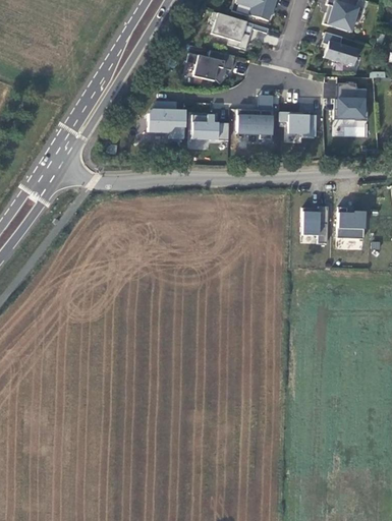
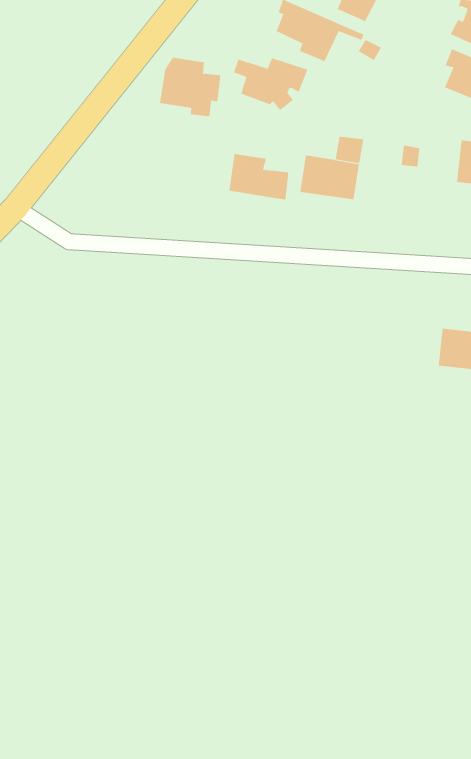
building: [151,104,188,139] -> [159,57,221,117]
building: [279,112,316,136] -> none
building: [302,212,321,236] -> none

